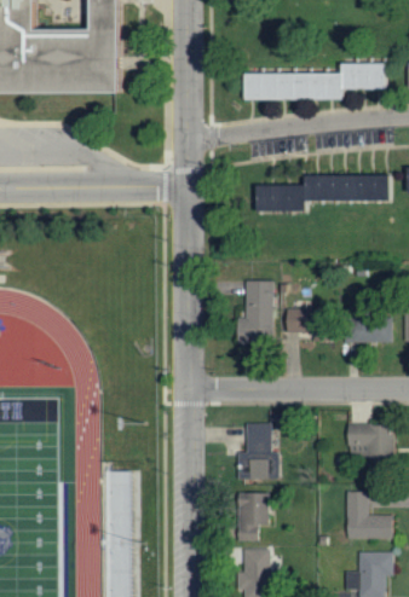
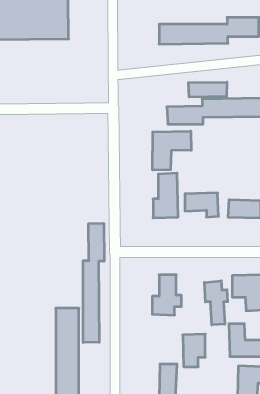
building: none -> [188,82,227,97]
building: none -> [153,131,191,170]
building: none -> [83,223,104,343]
building: none -> [204,281,228,325]
building: [237,492,269,538] -> [183,334,205,367]

